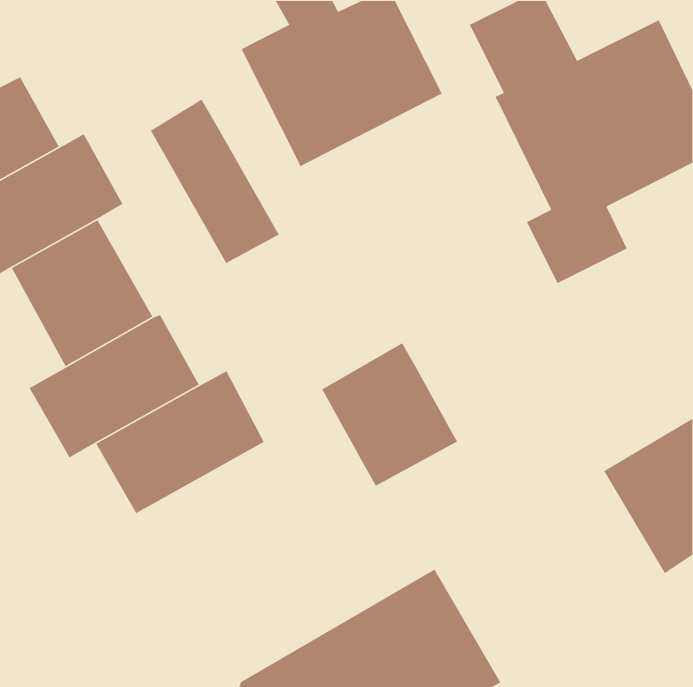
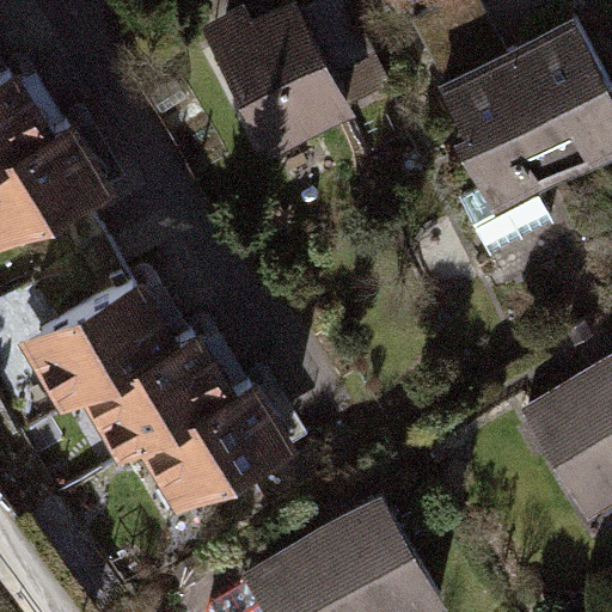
building: [150,98,280,264] -> none
building: [321,342,458,487] -> none
building: none -> [141,382,290,509]

